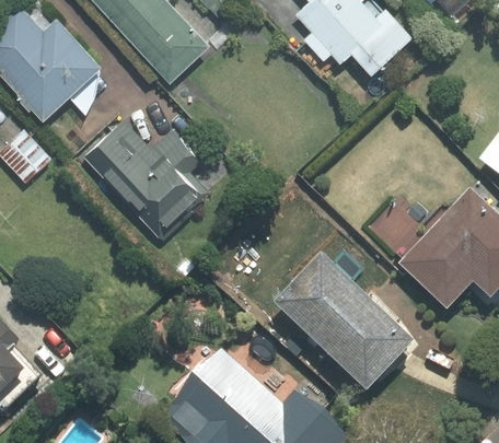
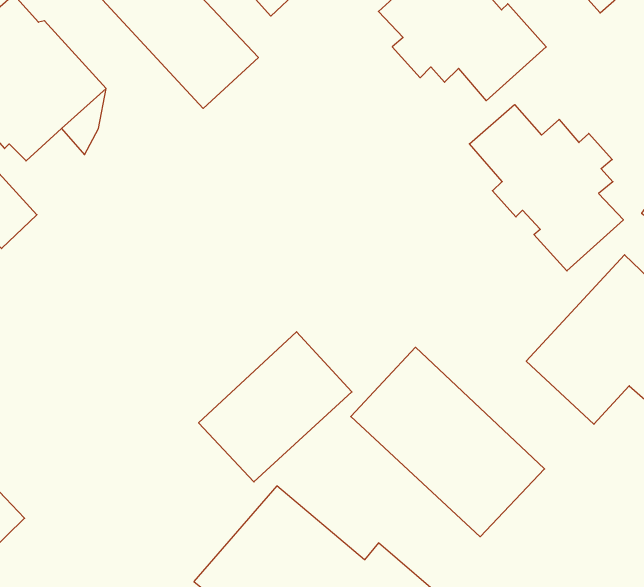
building: none -> [469,105,623,271]
building: [84,119,211,240] -> none
building: none -> [199,332,352,482]

